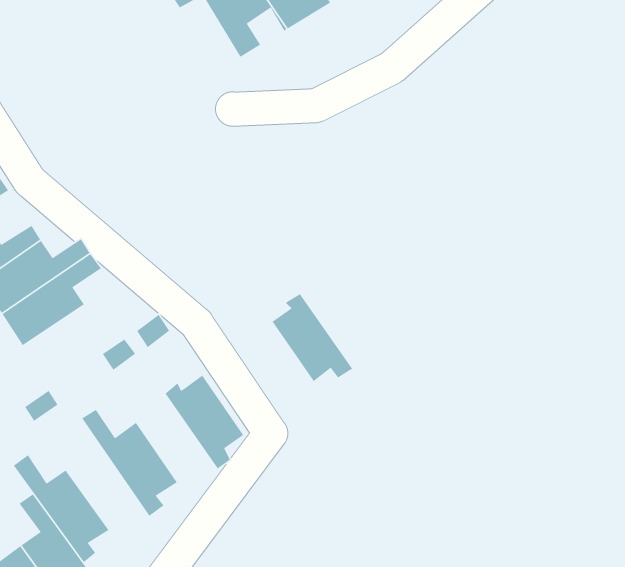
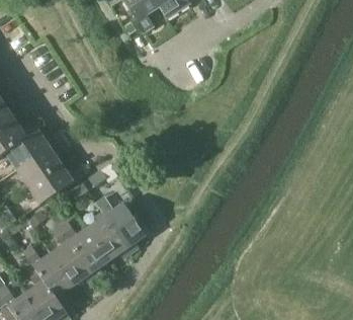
building: [272,293,353,382] -> [87,211,130,258]
building: none -> [26,162,86,203]
building: none -> [50,224,94,284]

